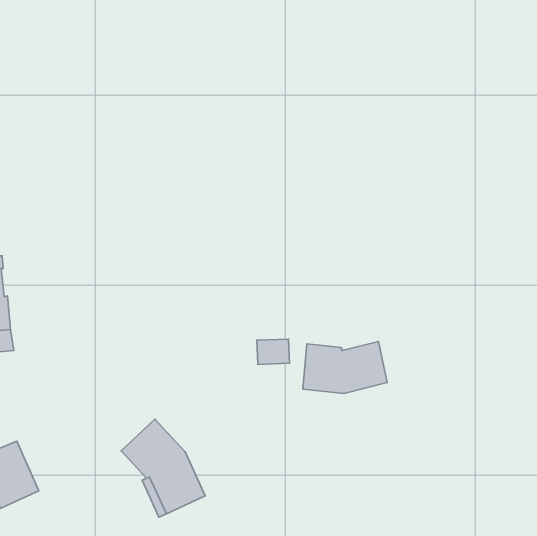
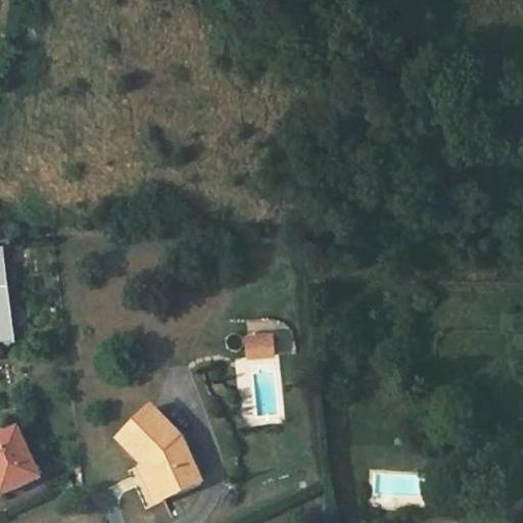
building: [303,342,387,393] -> none

